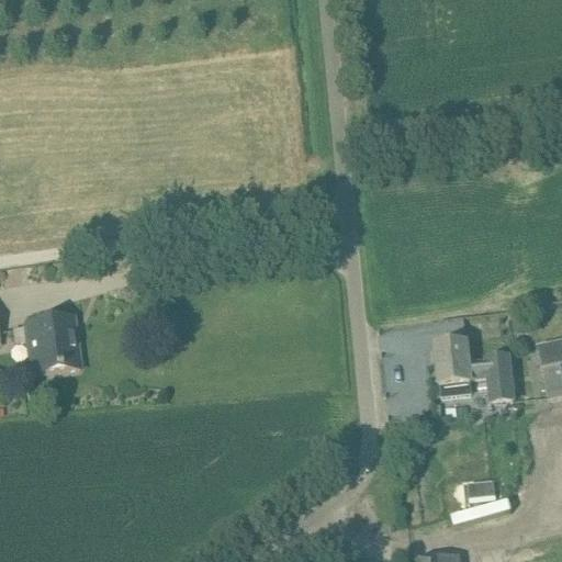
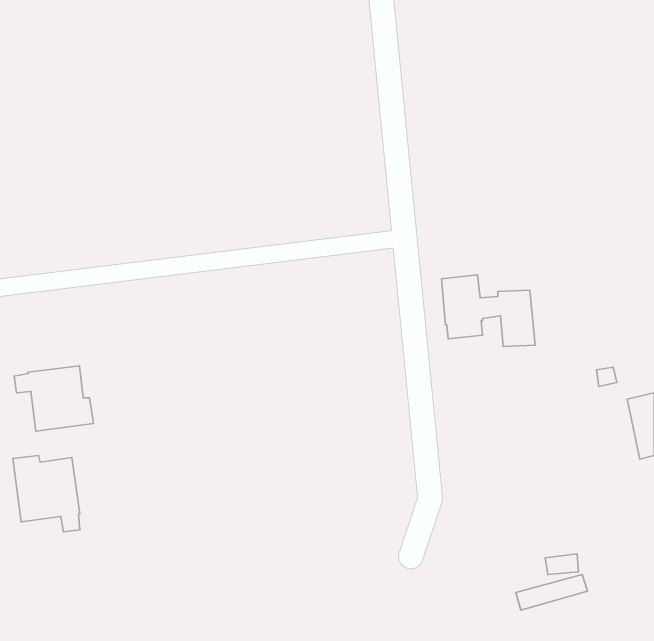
building: [436,337,516,398] -> [442,275,535,347]
building: none -> [13,455,80,532]

